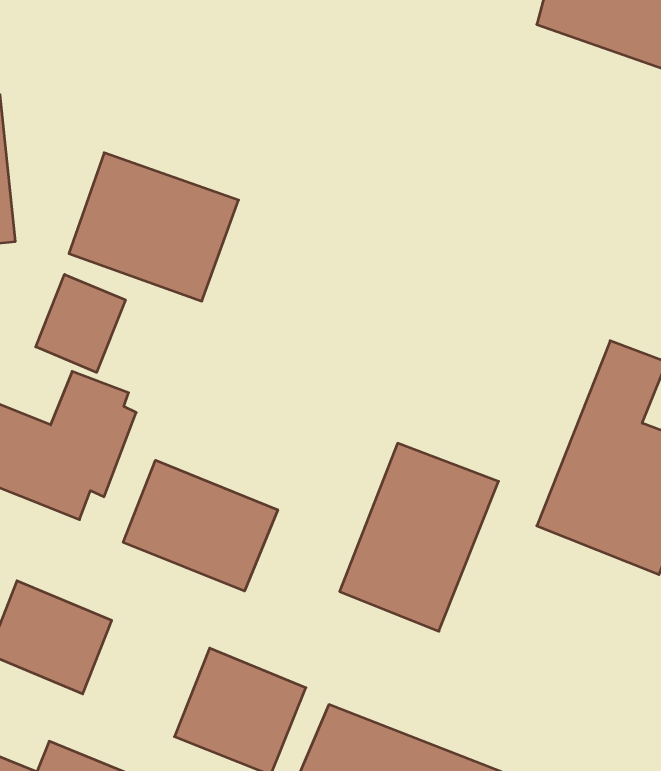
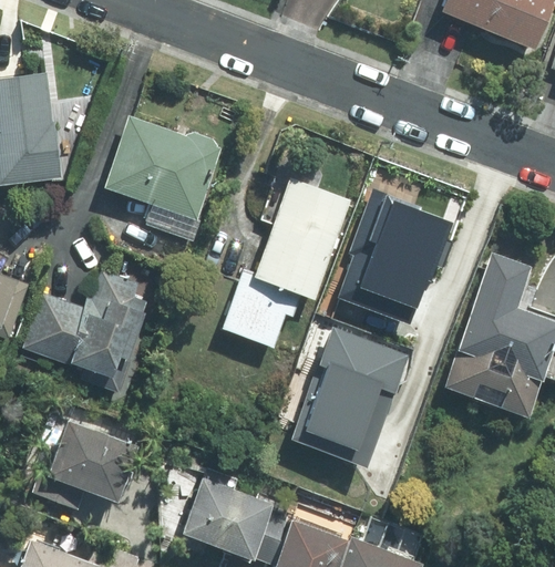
building: none -> [220,177,357,349]
building: none -> [340,188,449,316]
building: [36,274,125,372] -> none
building: [123,460,278,591] -> none

